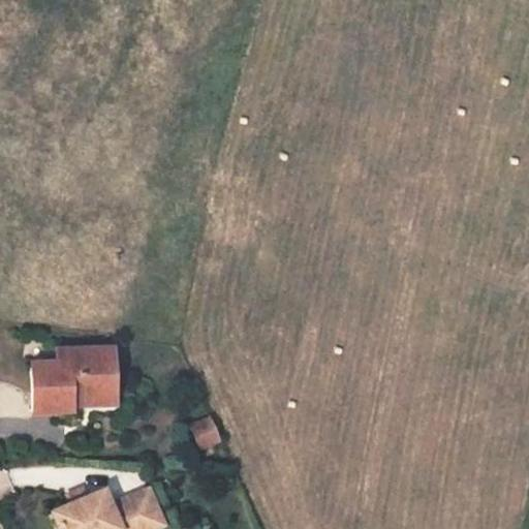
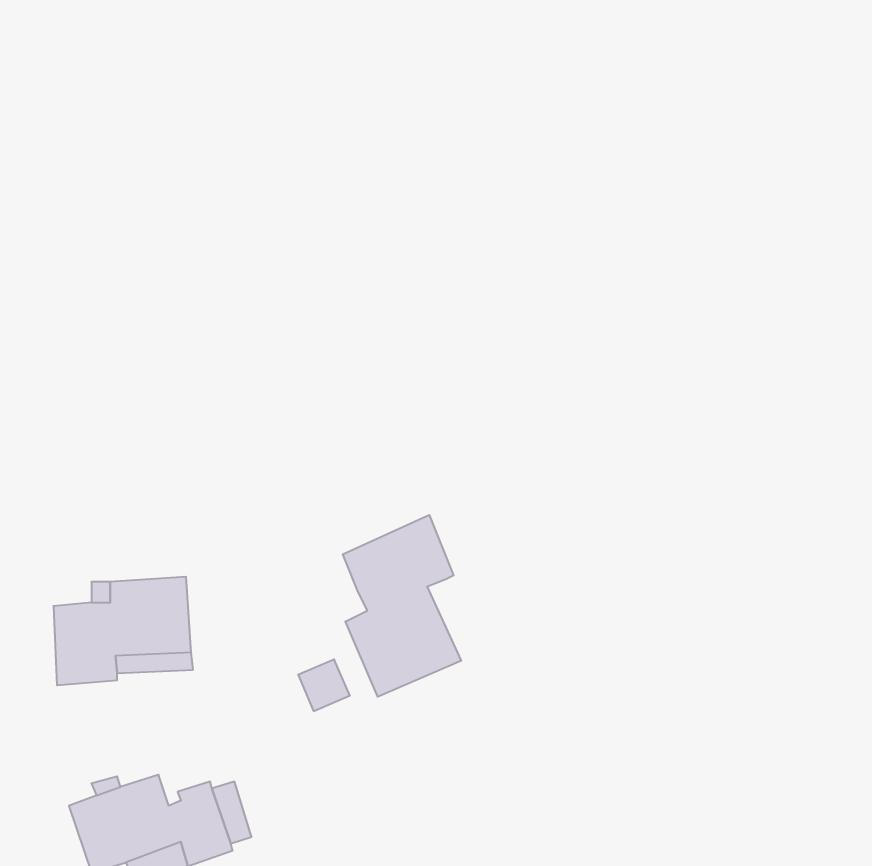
building: none -> [343,515,461,697]

